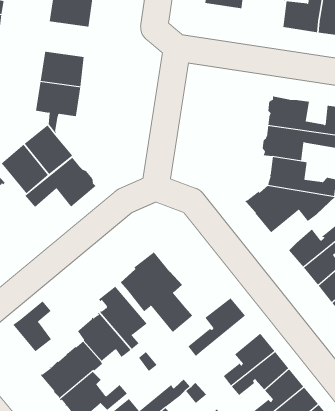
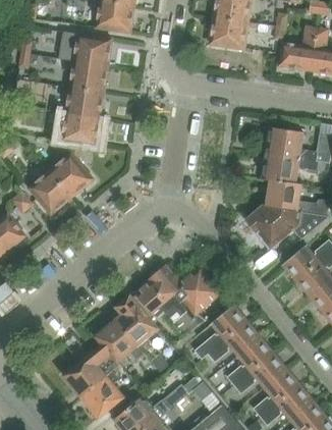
building: none -> [67,60,107,92]
building: [25,157,97,208] -> none
building: none -> [179,263,221,315]
building: [13,301,52,352] -> none
building: none -> [208,322,260,362]

